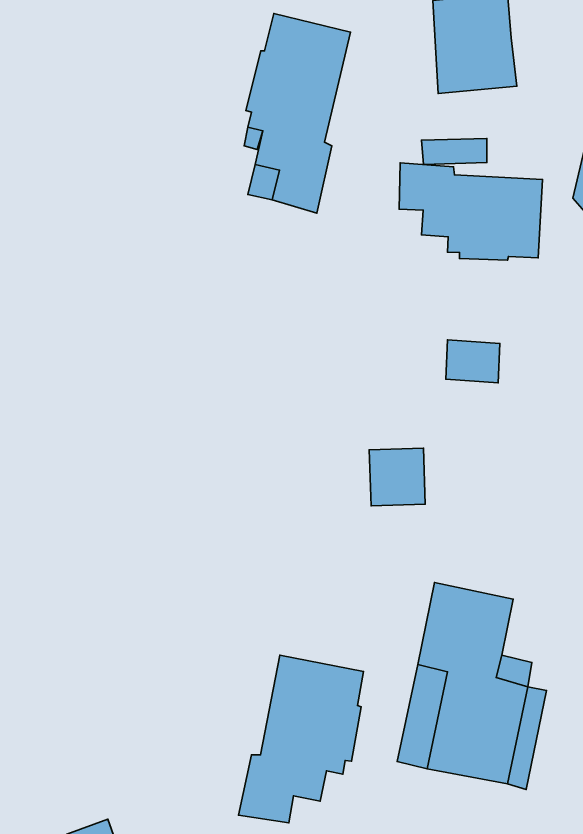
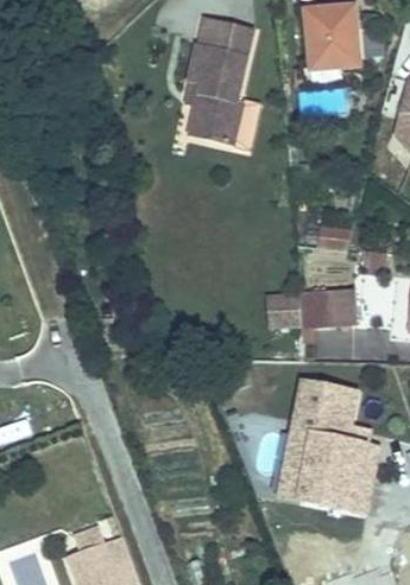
building: [399,163,543,260] -> none
building: none -> [302,288,354,325]
building: [239,655,364,823] -> none

